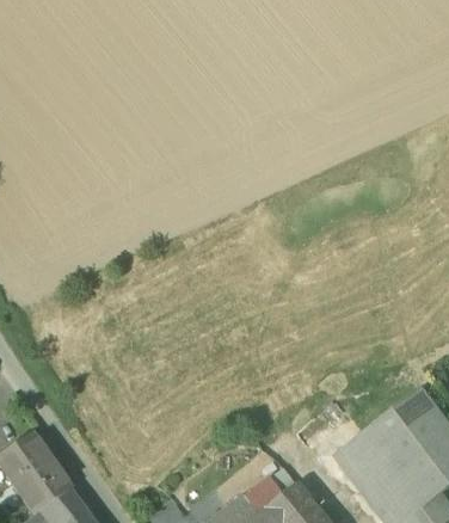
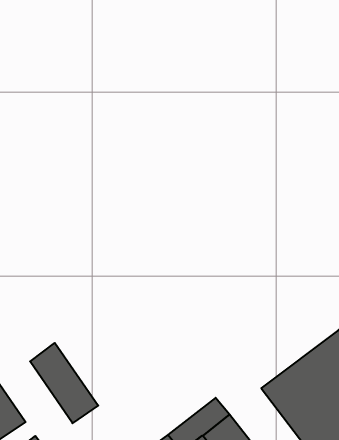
building: none -> [30,343,98,423]

